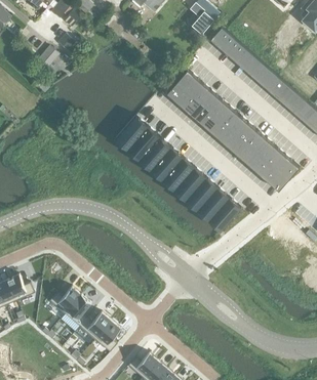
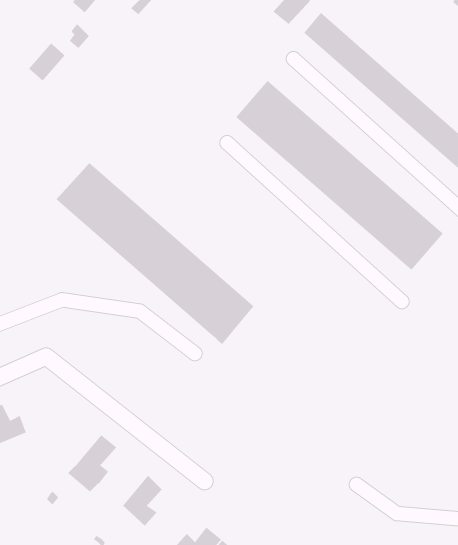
building: [113,115,239,230] -> [55,162,254,345]
building: [48,285,80,312] -> none
building: [78,310,110,338] -> none

